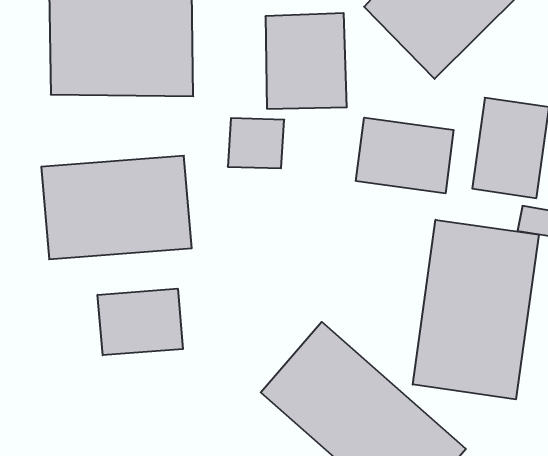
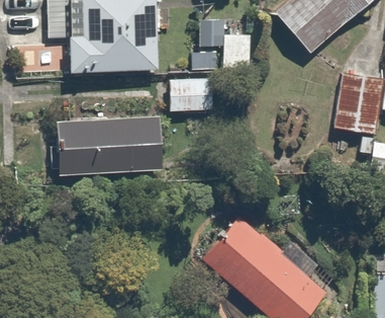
building: [356,118,454,193] -> none
building: [413,220,539,399] -> none
building: [98,289,183,355] -> none

